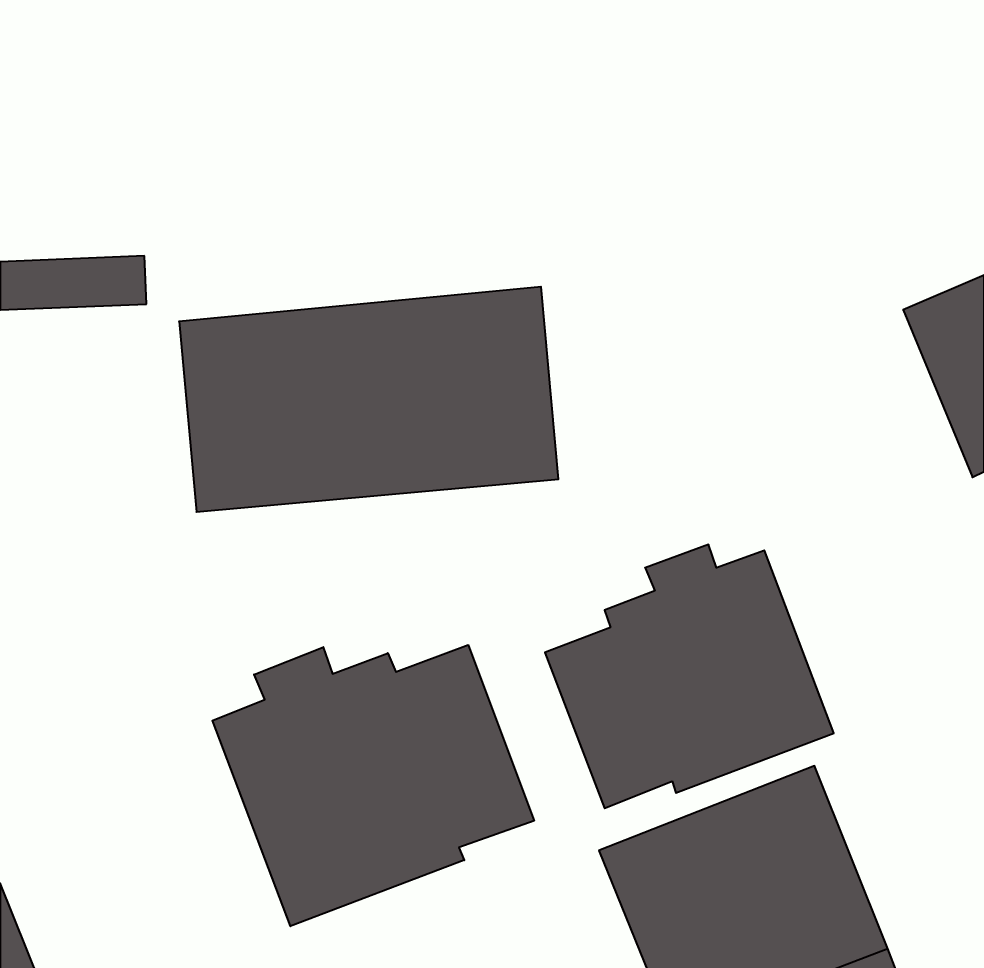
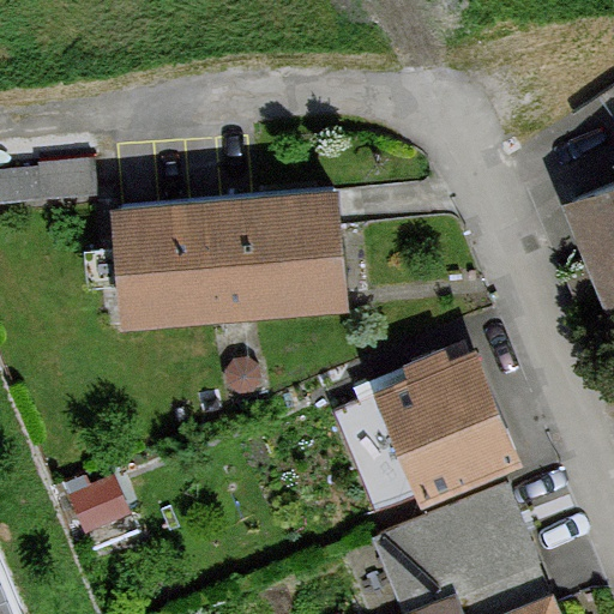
building: [212,645,534,926] -> none

